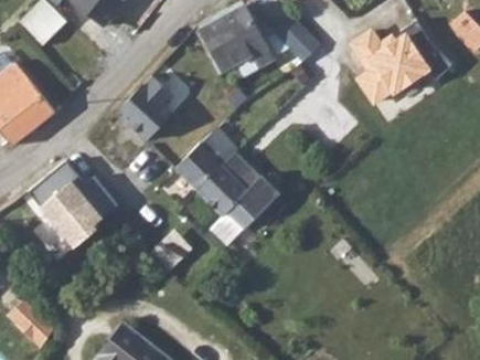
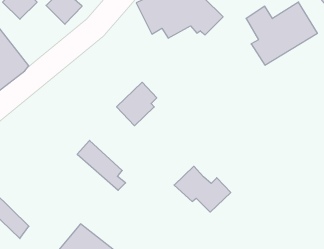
building: [117,73,174,138] -> none
building: [25,163,121,253] -> none
building: [199,167,275,229] -> [174,166,231,212]

